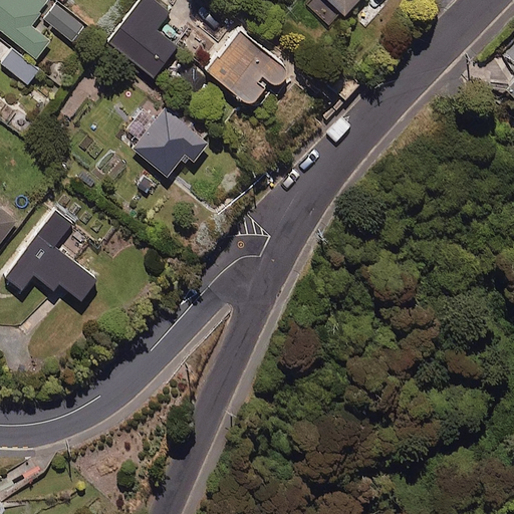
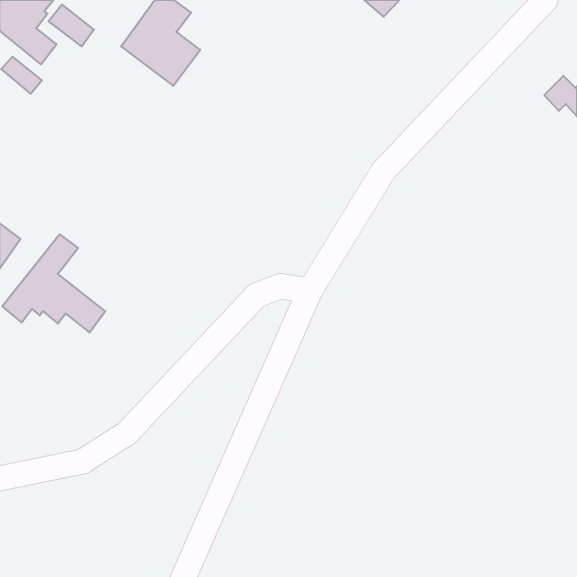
building: [204,27,287,102] -> none
building: [126,108,210,177] -> none

